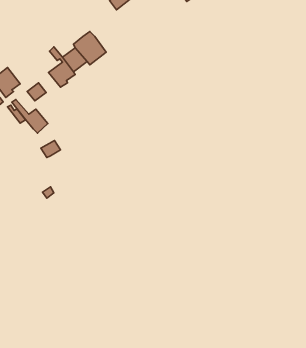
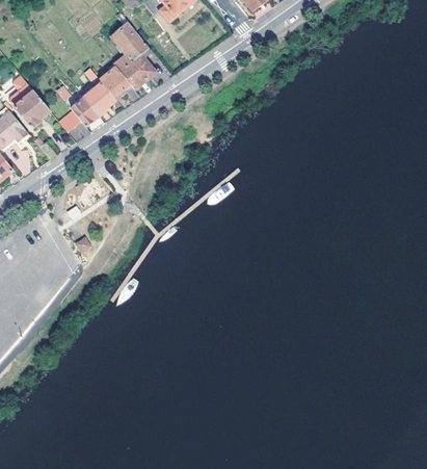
building: none -> [110,22,146,53]
building: [12,100,48,133] -> [54,85,98,126]

